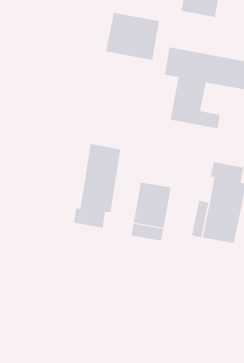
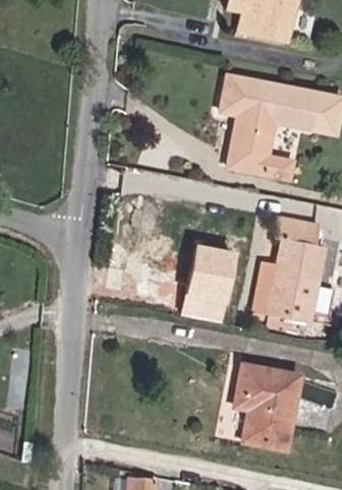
building: [105,12,160,61] -> none
building: [74,143,121,228] -> none
building: none -> [238,366,299,449]

